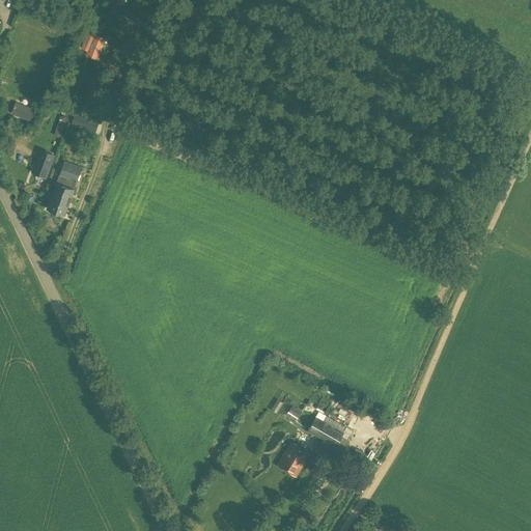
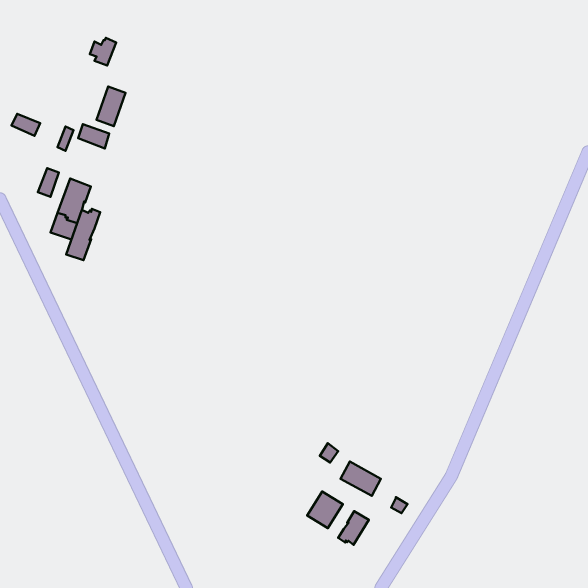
building: none -> [97,87,126,126]
building: none -> [66,209,100,260]
building: none -> [338,511,369,545]

